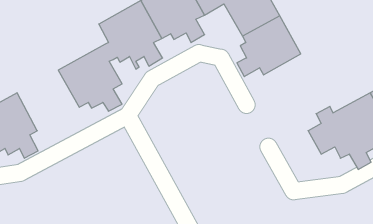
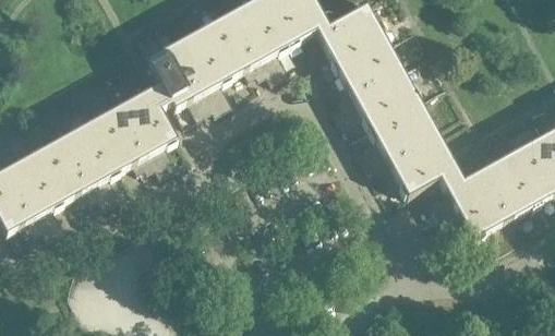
building: none -> [354,97,458,195]
building: none -> [36,119,121,206]

